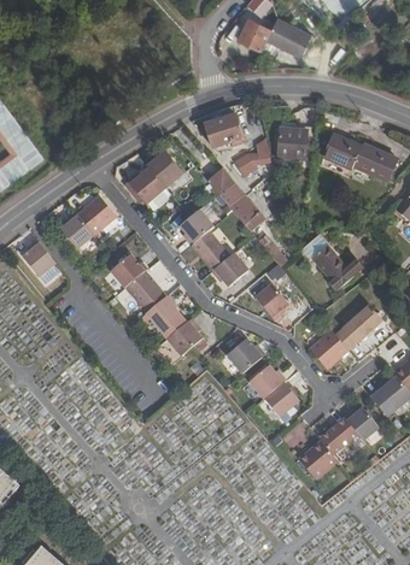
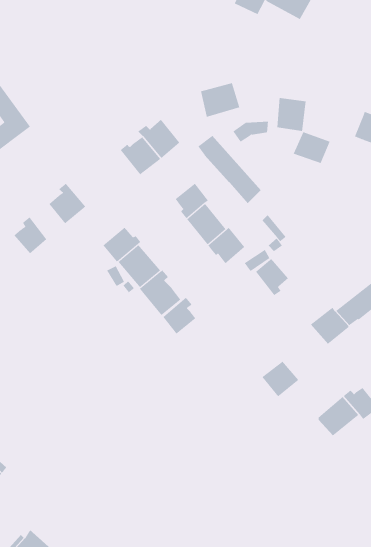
building: [324,136,361,167] -> [293,131,330,164]
building: [76,195,115,234] -> none
building: [312,247,345,281] -> none
building: [226,337,265,373] -> none
building: [248,366,287,399] -> none
building: [295,439,335,477] -> none

